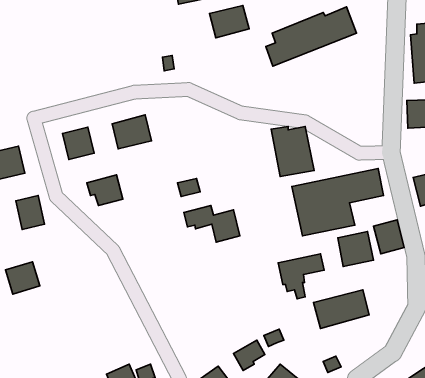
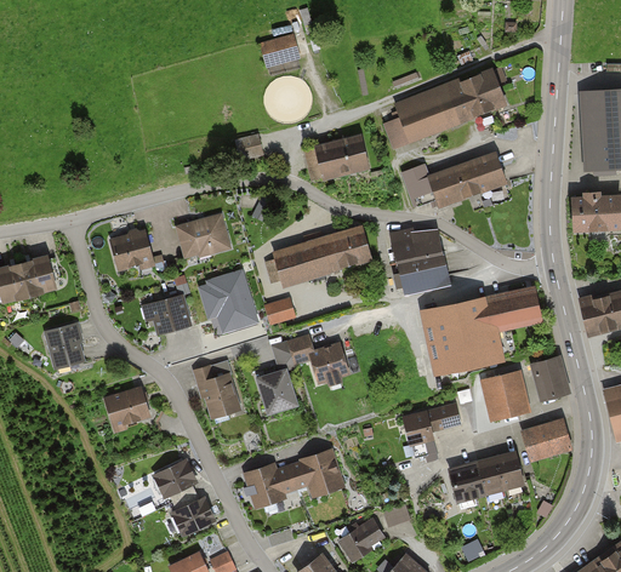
building: [210,6,249,38] -> [315,136,369,179]
building: none -> [403,150,508,208]
building: none -> [266,228,370,288]
building: none -> [196,268,258,334]
building: none -> [193,361,241,418]
building: none -> [256,370,296,416]
building: [6,262,40,294] -> [106,388,152,431]
building: none -> [523,418,572,458]
building: none -> [243,448,344,507]
building: none -> [152,457,215,534]

